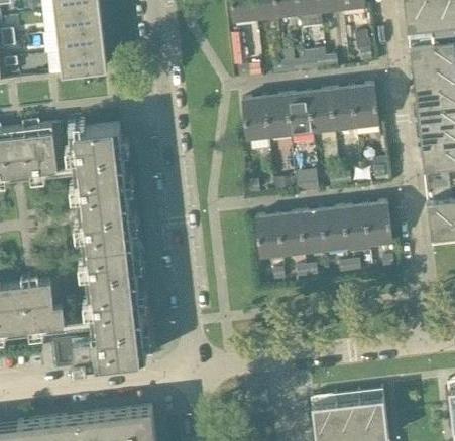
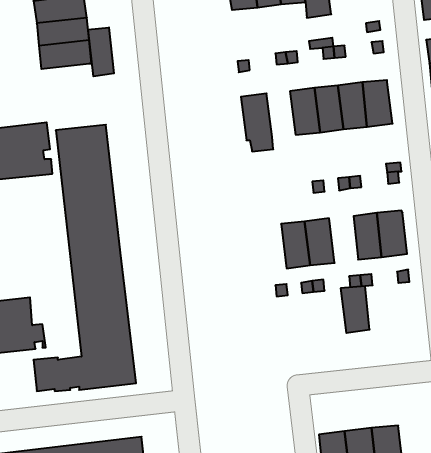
building: none -> [88,27,114,76]
building: [264,96,291,137] -> none
building: [321,208,347,251] -> [341,286,370,333]
building: [255,215,282,258] -> none

